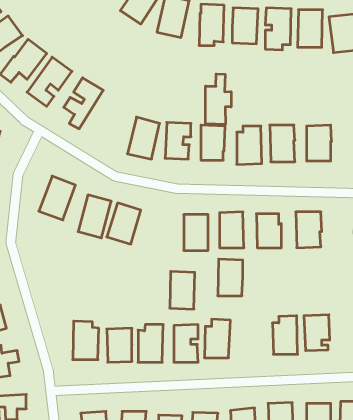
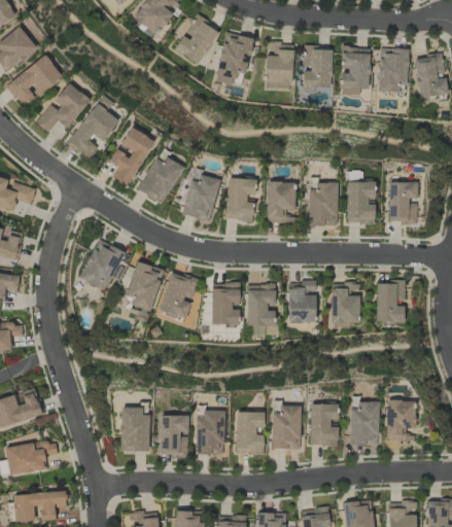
building: [206,74,231,124] -> none
building: none -> [136,153,183,204]
building: [218,259,243,296] -> [309,403,338,446]
building: [170,271,195,309] -> [211,282,240,325]

